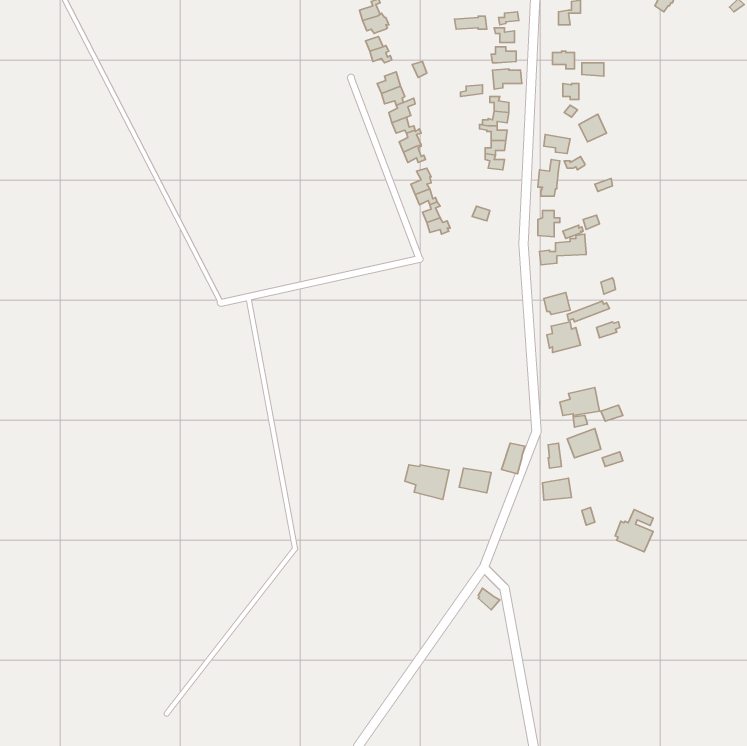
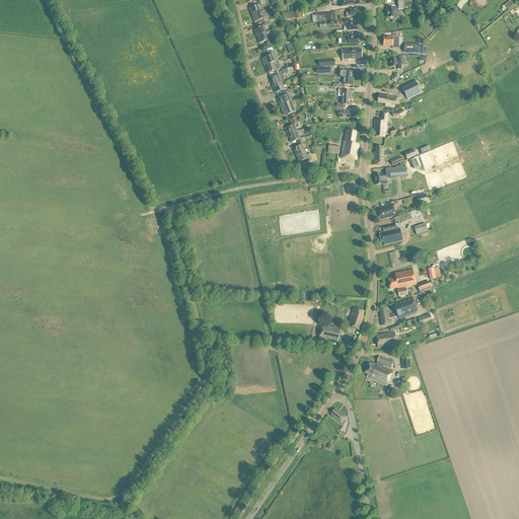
building: none -> [341,129,359,159]
building: [405,465,449,499] -> none
building: [615,510,653,552] -> [366,355,392,384]

